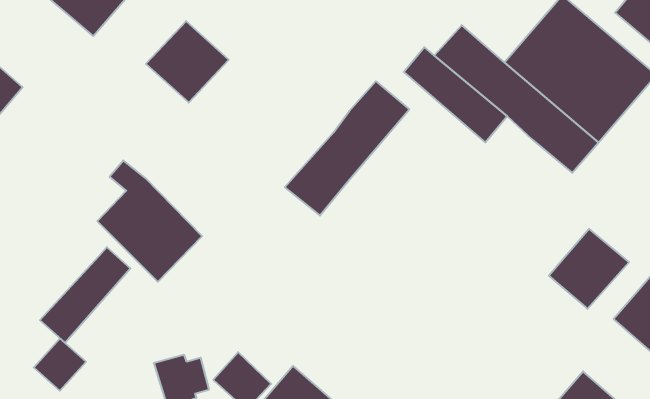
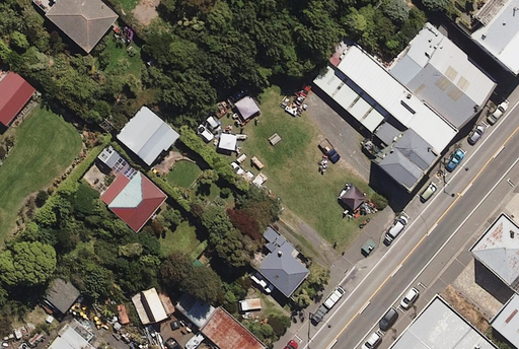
building: [146,21,229,103] -> [115,106,175,165]
building: [285,81,409,216] -> none
building: [549,229,629,309] -> [379,128,438,187]
building: [40,247,130,343] -> none
building: none -> [250,224,309,296]

